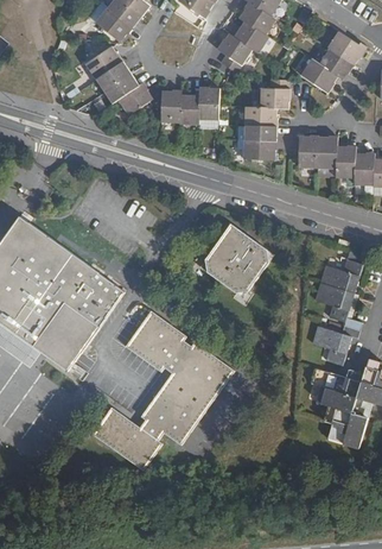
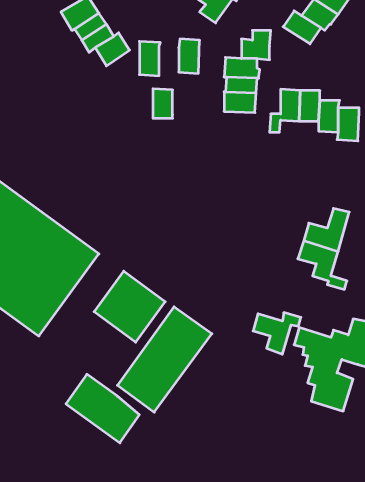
building: [180,94,199,122] -> [153,89,173,118]
building: [196,222,270,297] -> none
building: [313,324,359,365] -> [253,313,301,354]

